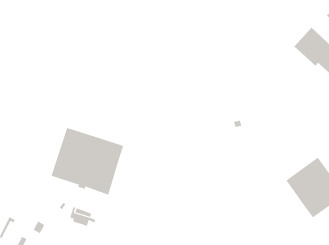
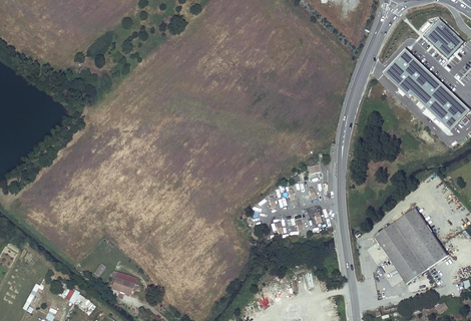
building: [51,127,124,196] -> none

